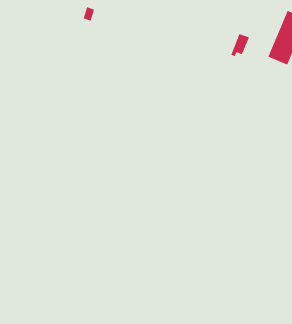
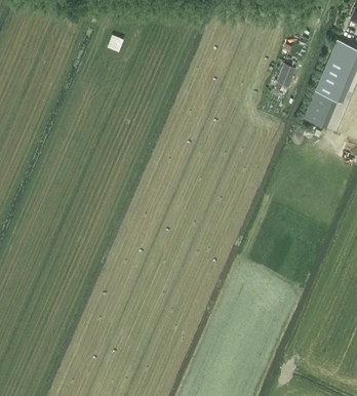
building: none -> [305,90,338,127]

